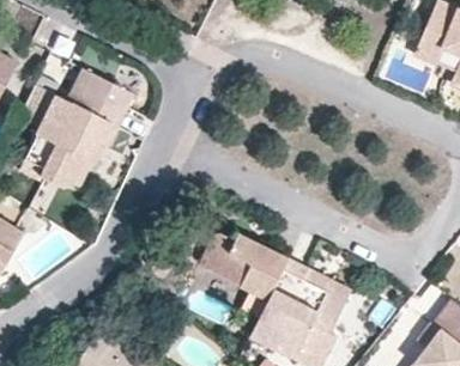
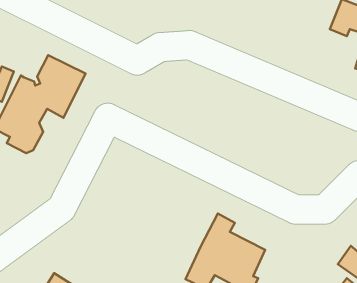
building: [204,236,291,300] -> none

